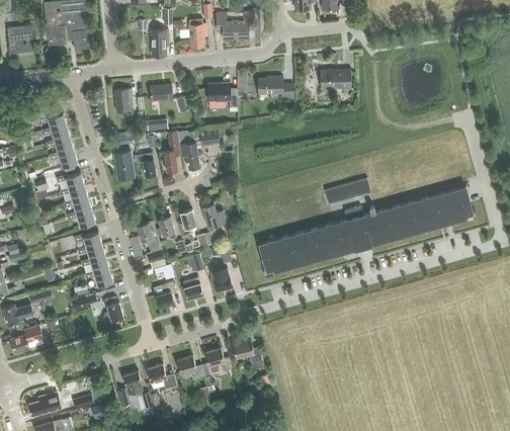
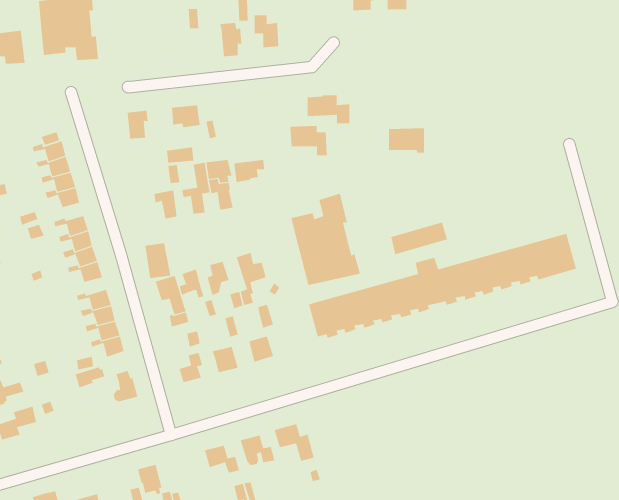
building: [235,12,254,38] -> none
building: [152,30,168,57] -> none
building: [321,70,350,90] -> [388,128,425,153]
building: [207,83,238,107] -> [290,125,328,156]
building: [113,152,135,180] -> [144,243,171,278]
building: none -> [291,193,360,286]
building: [147,364,177,390] -> none

